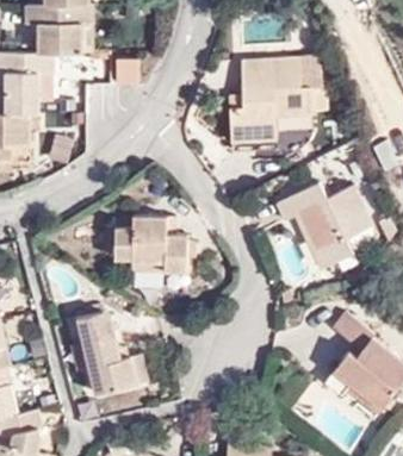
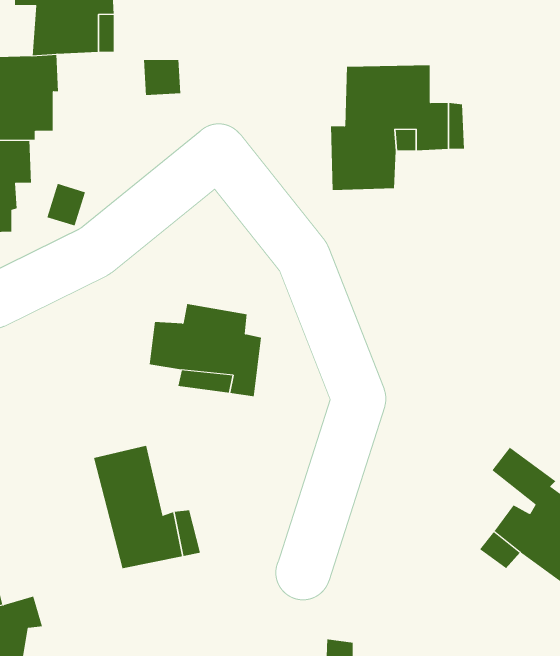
building: [273,182,376,270] -> none

